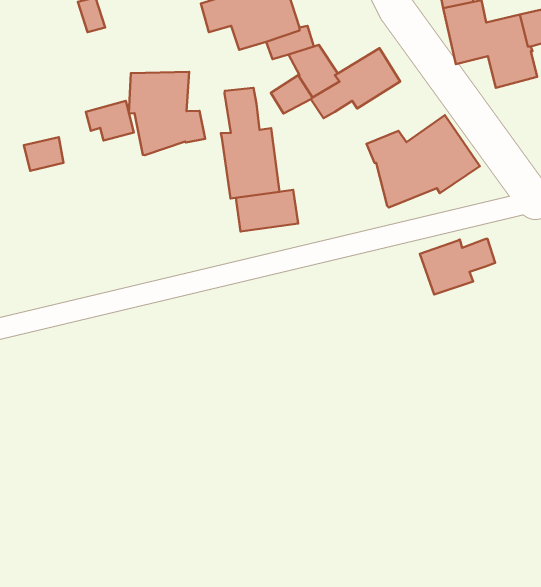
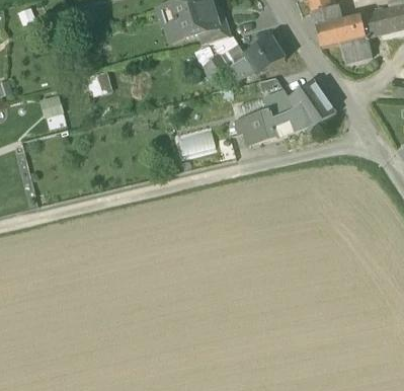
building: [129,72,205,155] -> none
building: [221,88,280,199] -> none
building: none -> [236,109,276,144]
building: [420,239,495,294] -> none

